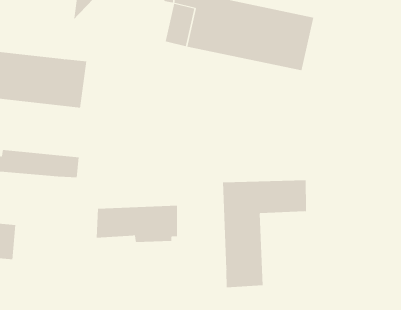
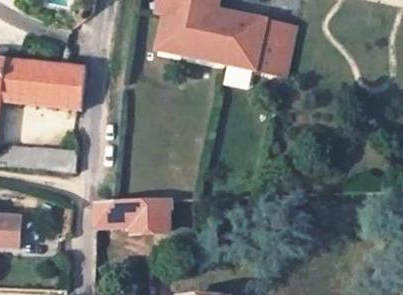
building: [223,179,307,288] -> none

